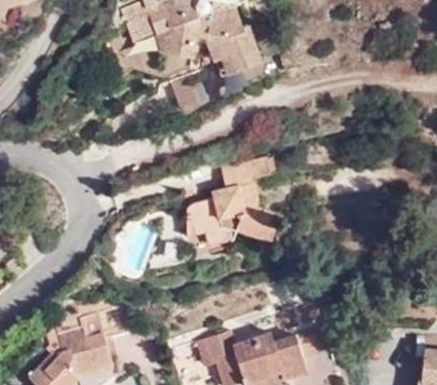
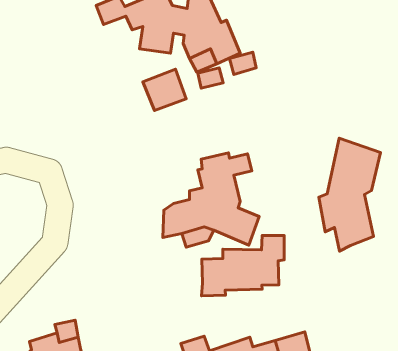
building: none -> [319,138,381,251]
building: none -> [202,235,284,296]

